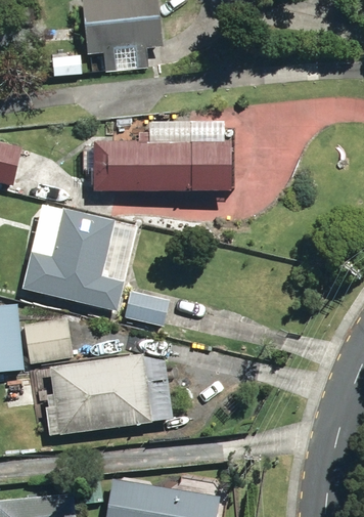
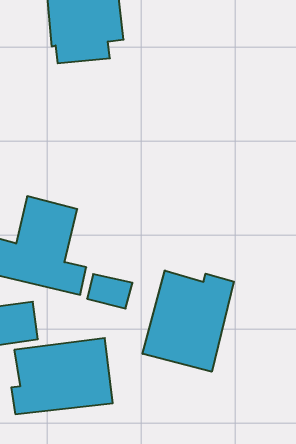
building: [92,142,228,193] -> none
building: none -> [143,270,234,372]

